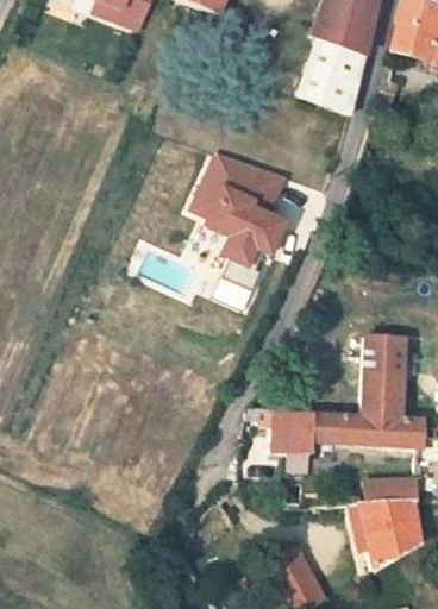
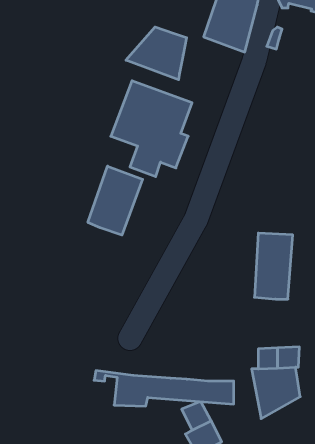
building: none -> [126,27,187,80]
building: none -> [88,166,143,235]
building: [246,407,420,451] -> [94,371,234,406]

